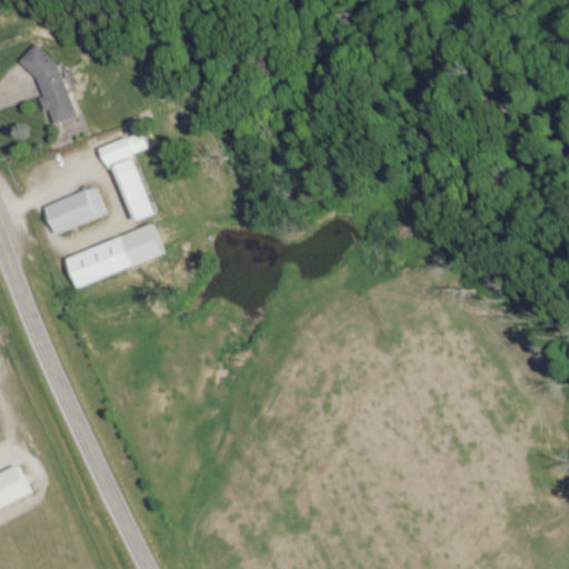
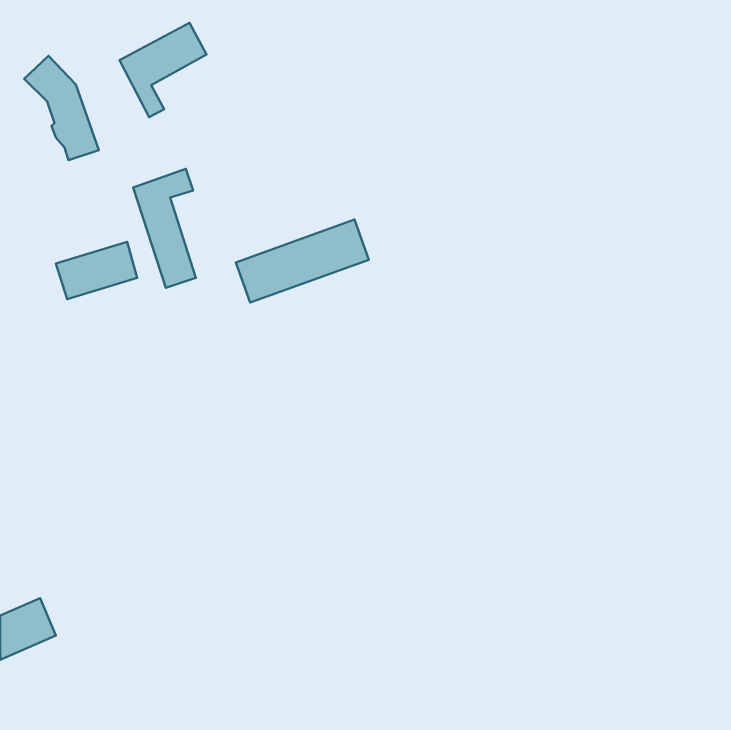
building: none -> [120,23,207,117]
building: [63,223,167,288] -> [236,220,369,303]

